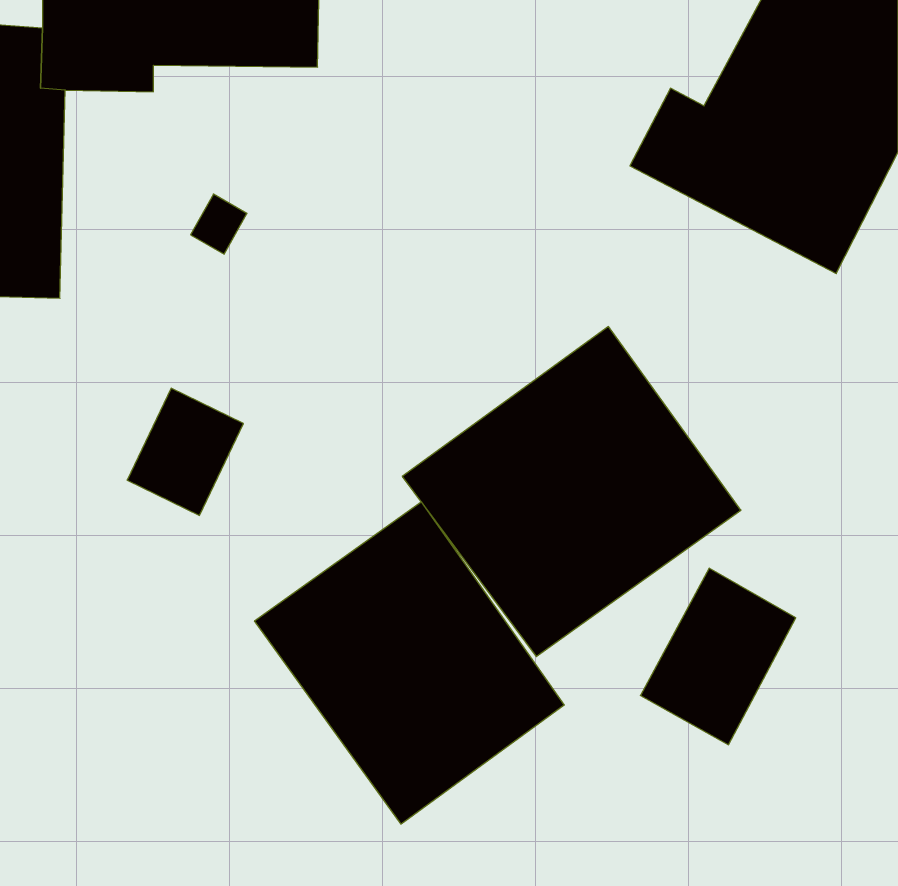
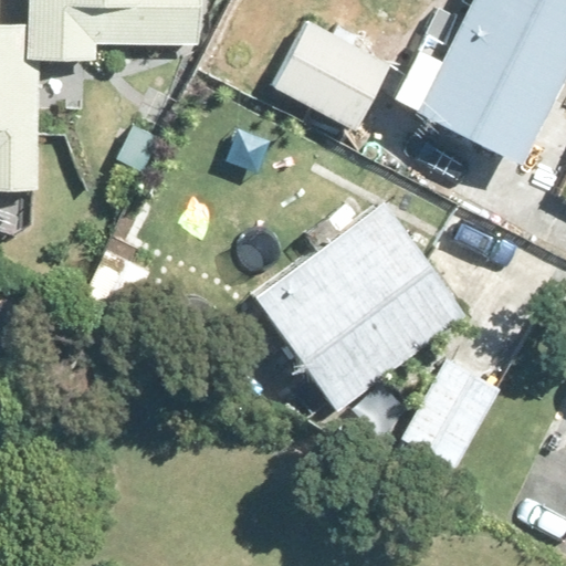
building: none -> [272,13,392,127]
building: [255,502,564,824] -> none

